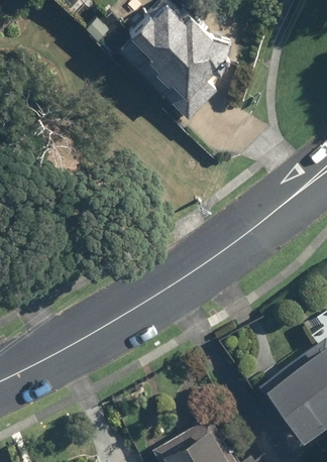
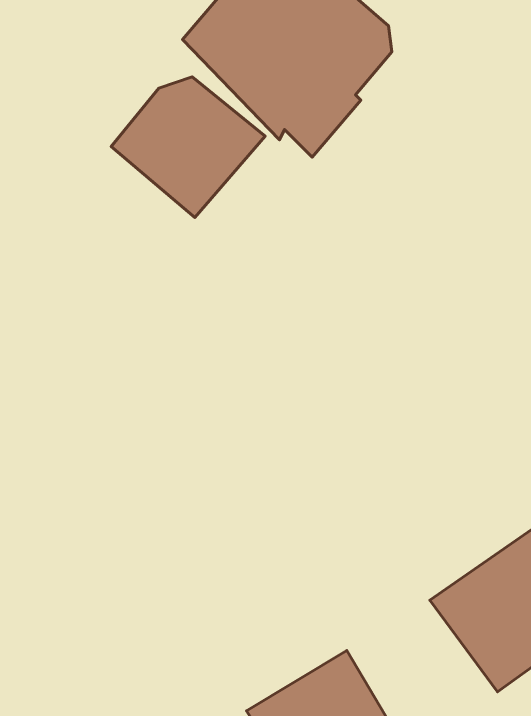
building: none -> [111,77,265,217]

